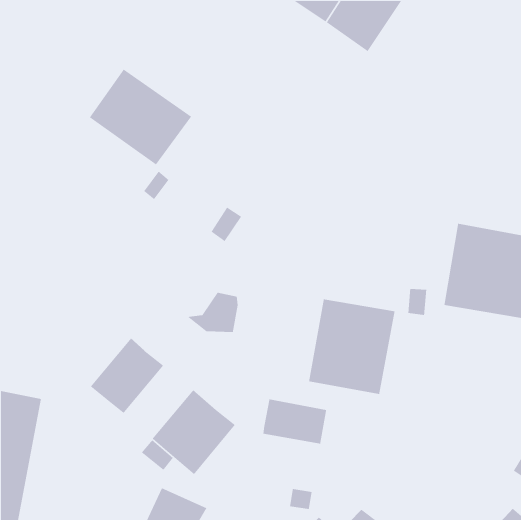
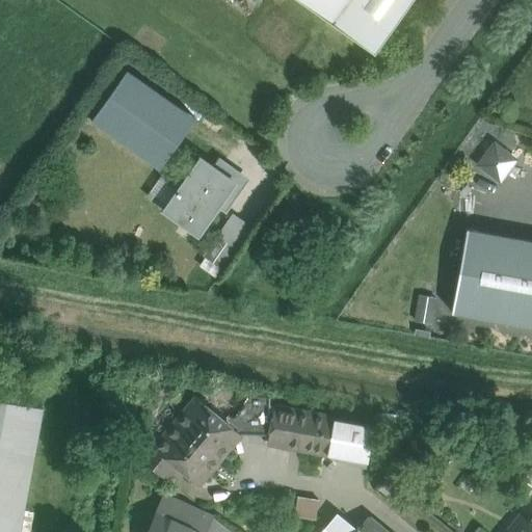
building: none -> [476,140,518,183]
building: none -> [164,159,246,235]
building: [187,292,239,333] -> [221,394,274,435]
building: [308,299,395,395] -> none
building: [90,337,164,415] -> none
building: none -> [327,420,374,462]

